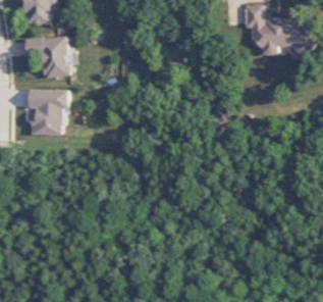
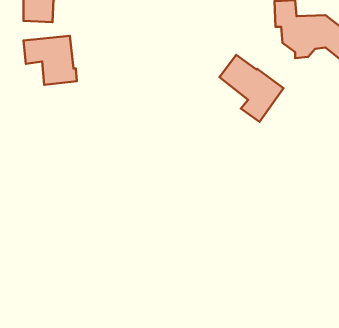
building: none -> [220,55,284,122]
building: [29,90,68,135] -> none

